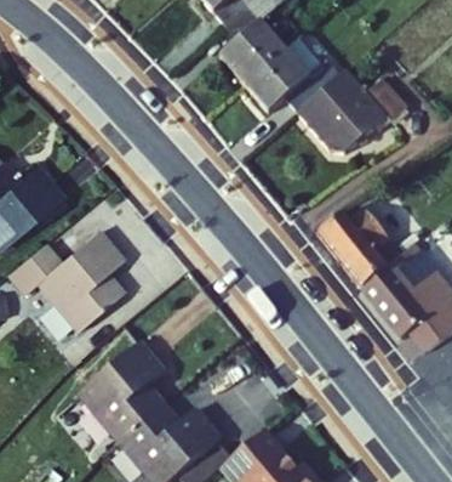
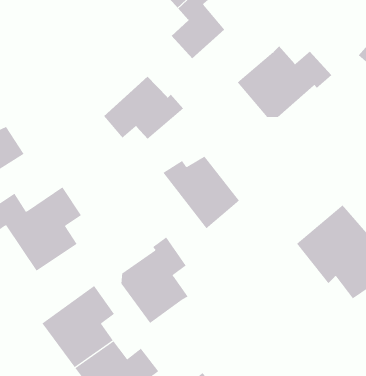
building: [248,39,341,112] -> [103,76,184,139]
building: [317,212,406,296] -> [163,156,240,229]
building: none -> [121,236,189,324]

